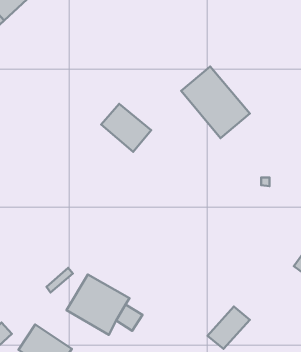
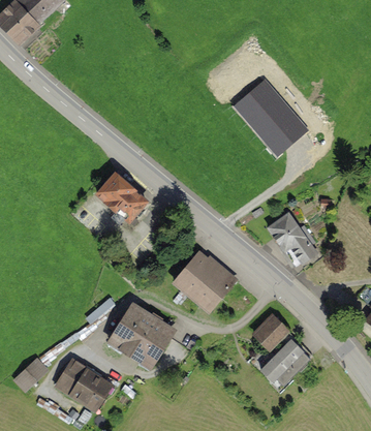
building: [101,104,151,152] -> [95,174,150,226]
building: none -> [266,211,315,261]
building: none -> [176,252,238,313]
building: none -> [250,313,287,350]

